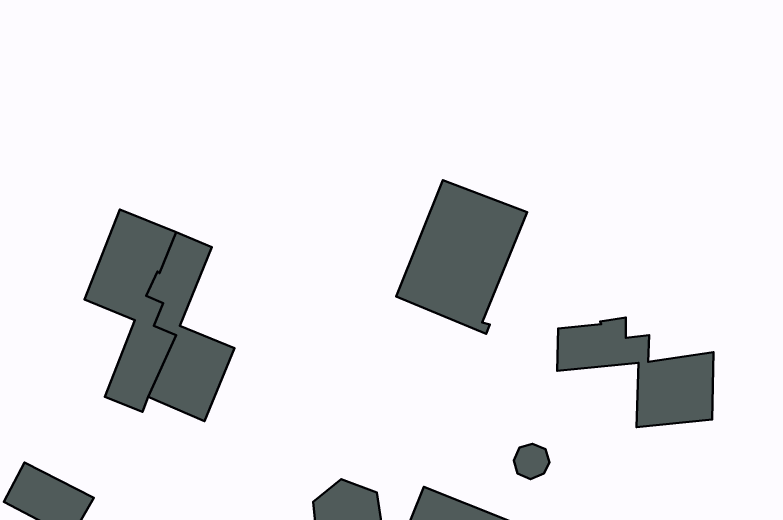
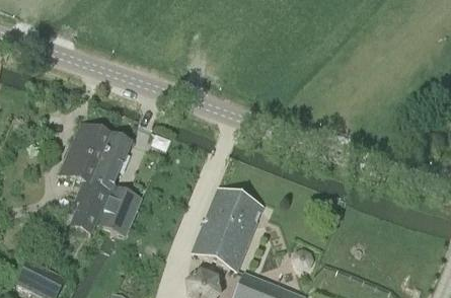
building: [396,180,527,334] -> [193,188,264,271]
building: [557,318,713,427] -> none

